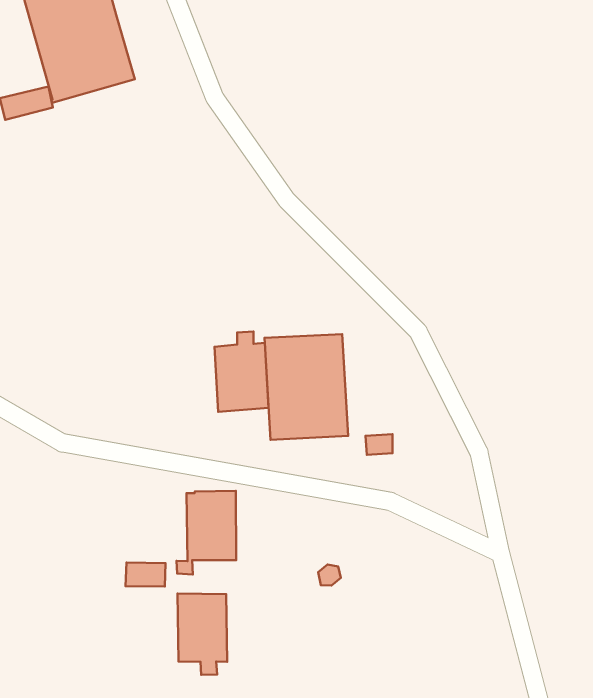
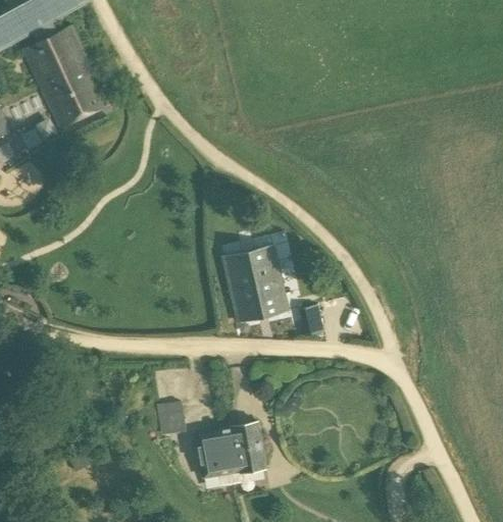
building: [214,332,269,412] -> none
building: [176,491,236,575] -> [228,421,267,481]

